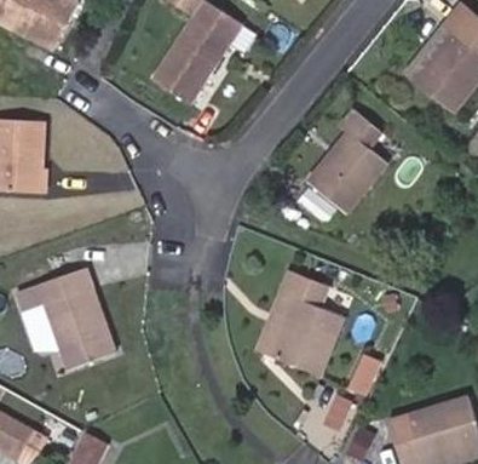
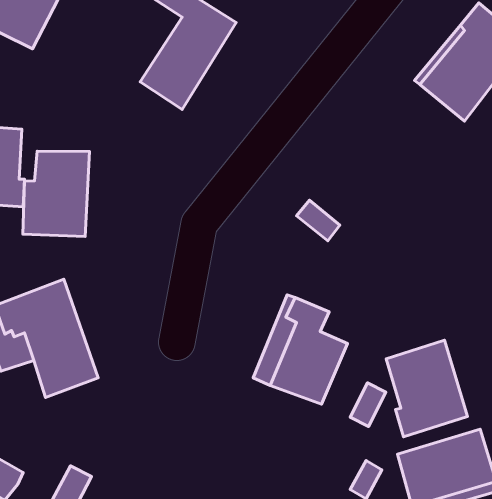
building: [309,109,386,211] -> none
building: none -> [23,151,89,237]
building: none -> [386,340,467,437]

